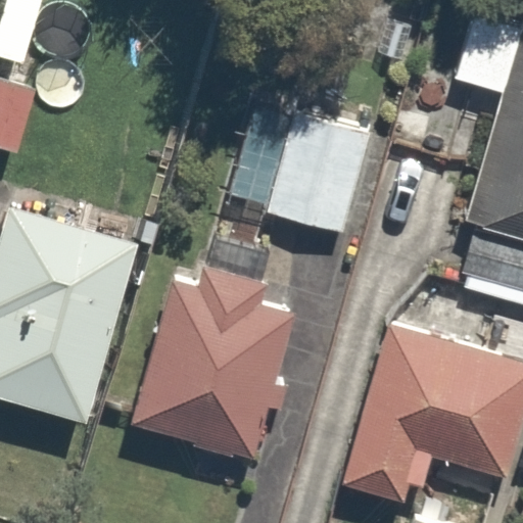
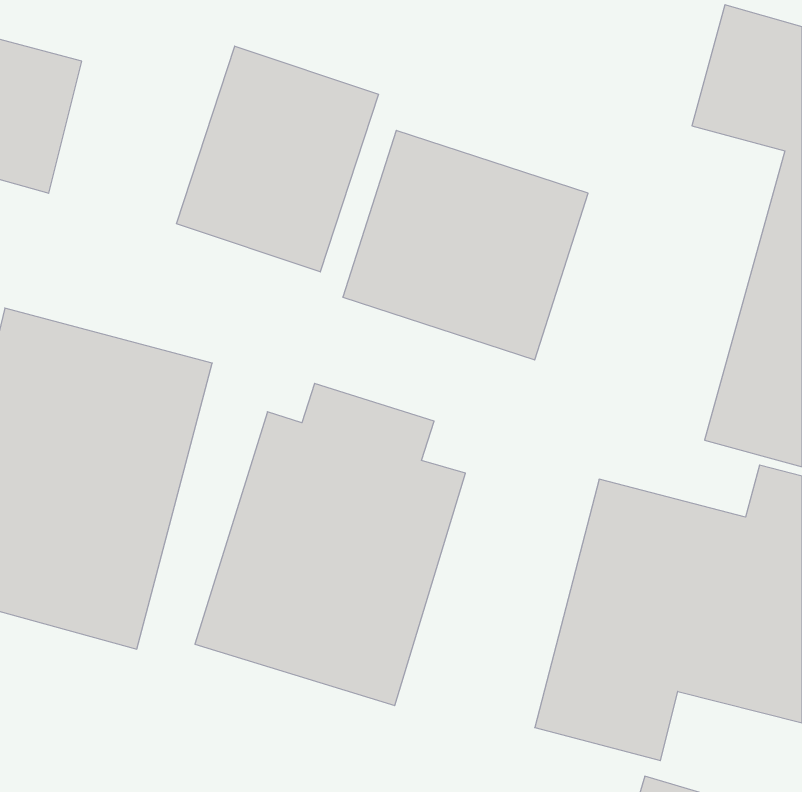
building: none -> [177,46,379,272]

